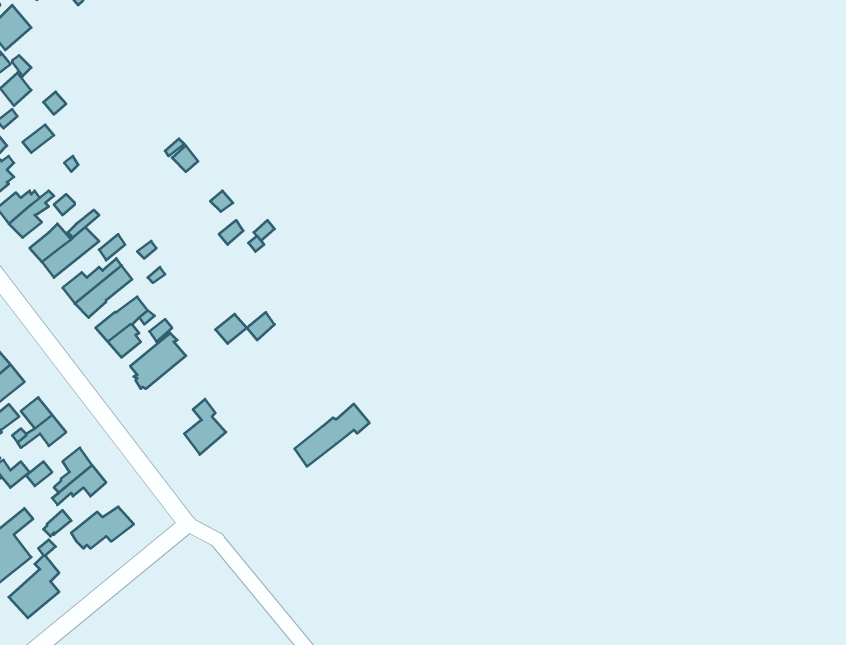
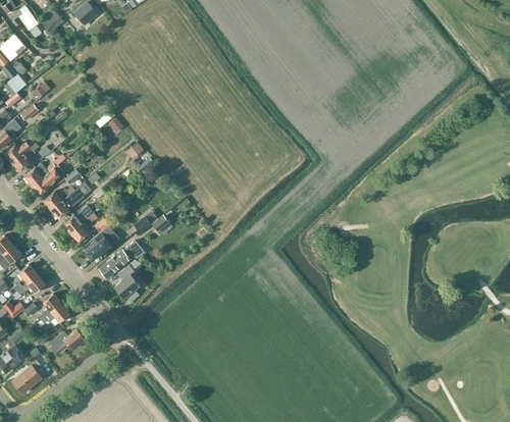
building: [295,404,369,466] -> [100,241,144,277]

